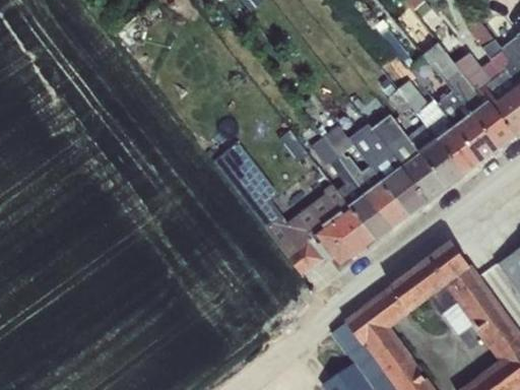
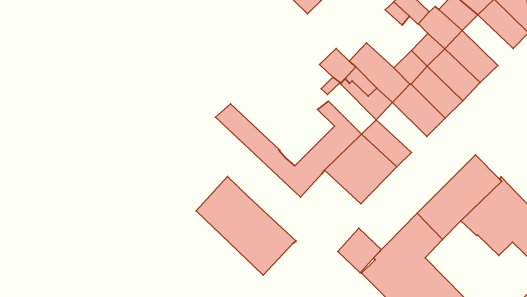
building: [456,113,500,161] -> none
building: [366,181,409,229] -> none
building: none -> [196,177,296,275]
building: [286,236,326,276] -> [338,228,381,273]

